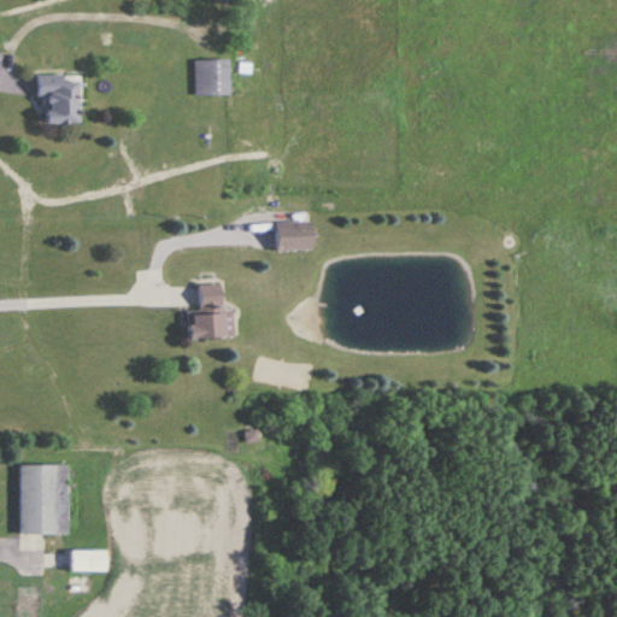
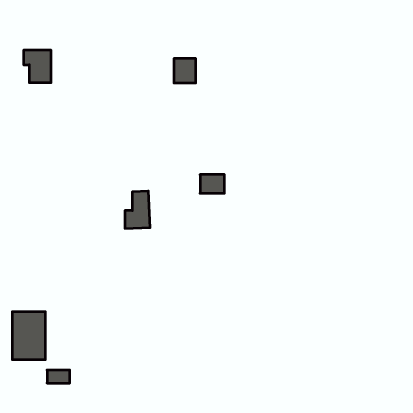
building: [195,59,228,95] -> [174,59,196,83]
building: [277,222,313,249] -> [200,175,224,193]

